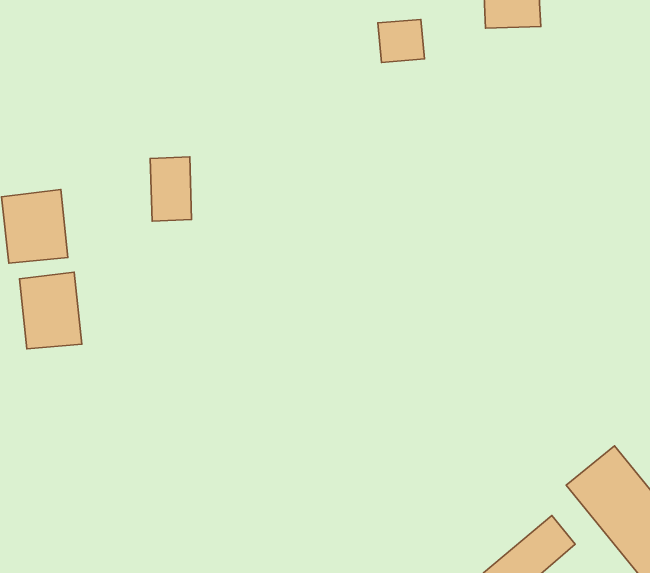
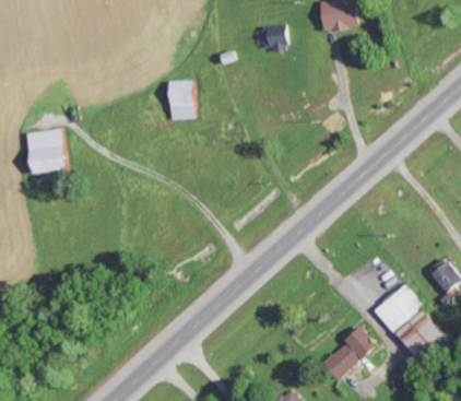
building: [150,157,192,221] -> [168,80,193,119]
building: [20,272,82,349] -> none

